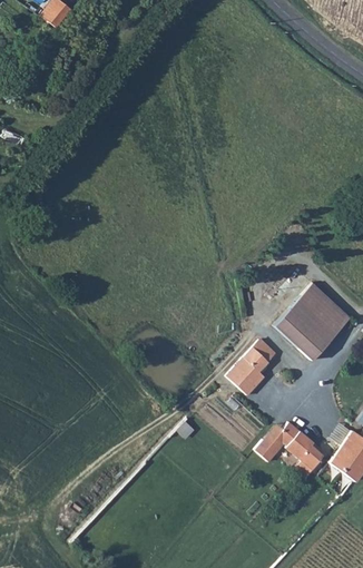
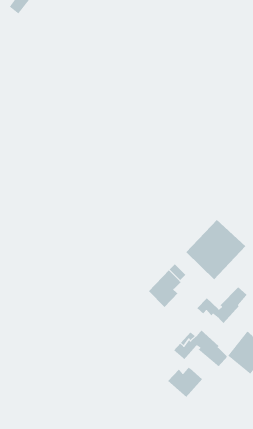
building: none -> [197,286,247,324]
building: none -> [167,366,203,398]

